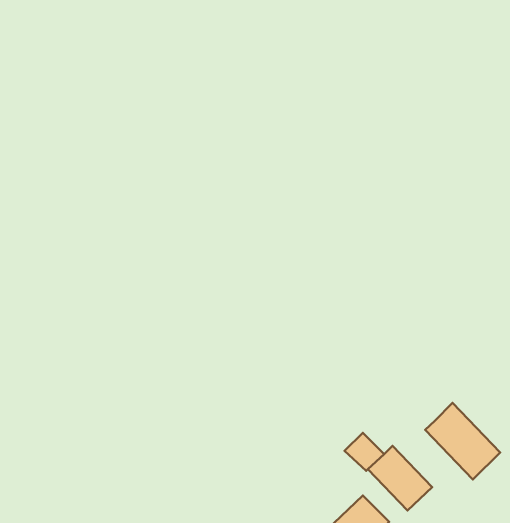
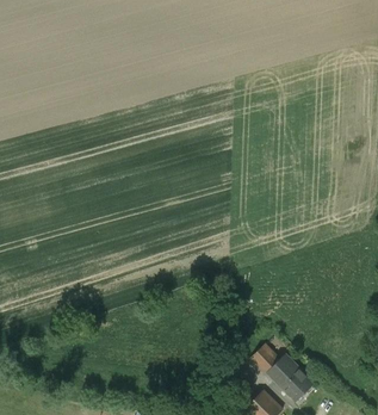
building: [425,403,500,480] -> none

